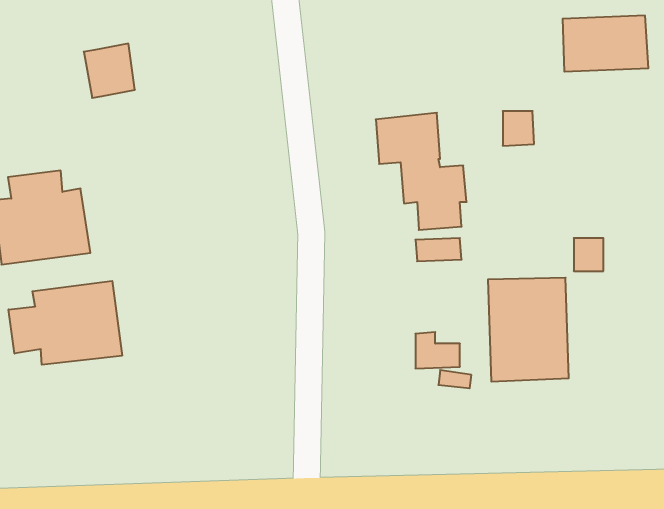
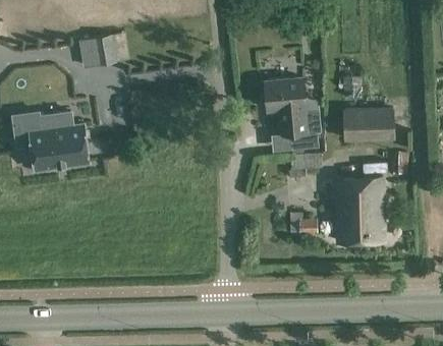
building: [563,16,648,72] -> [342,107,395,141]
building: [9,281,122,365] -> none

